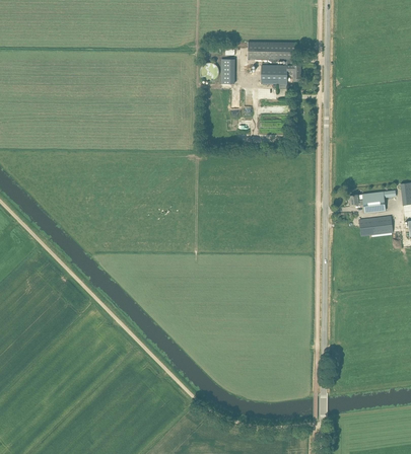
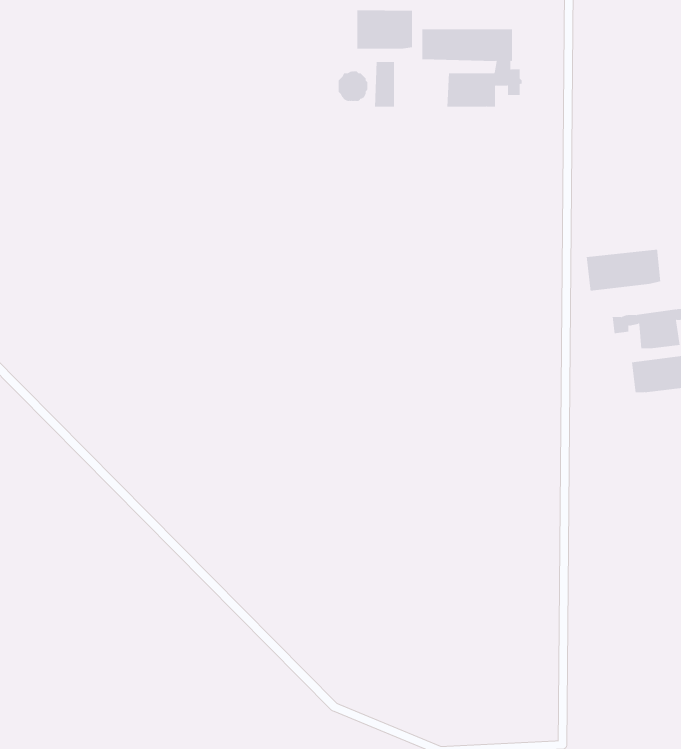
building: none -> [357,9,413,49]
building: none -> [586,249,661,291]

